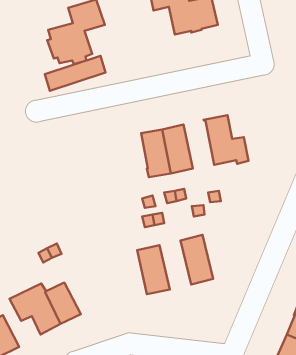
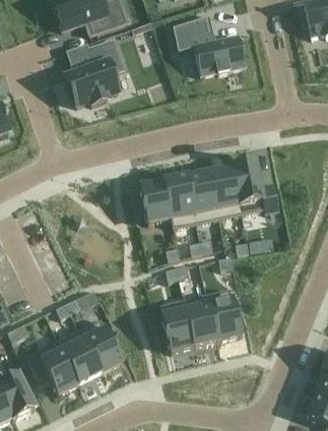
building: [45,56,105,91] -> none
building: none -> [207,168,240,219]
building: none -> [138,181,170,223]
building: none -> [182,295,215,347]
building: none -> [76,319,120,373]

